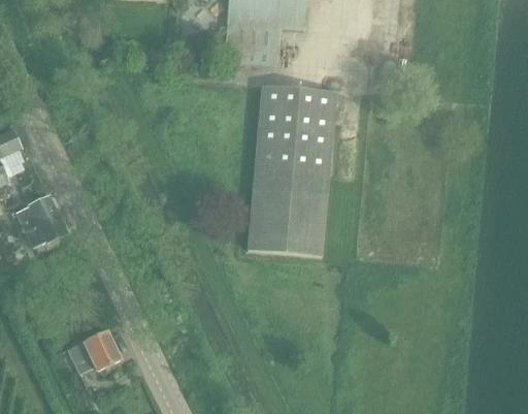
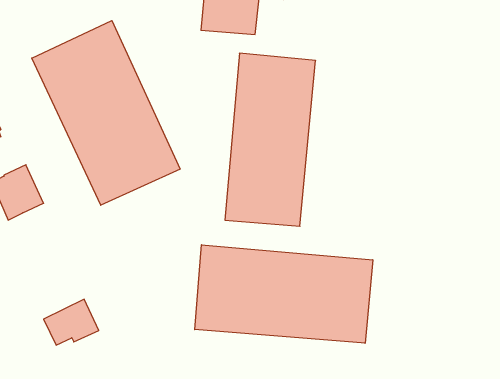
building: none -> [32,21,180,205]
building: none -> [195,245,373,343]

